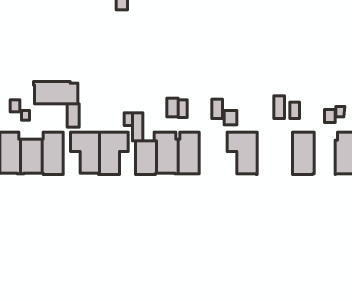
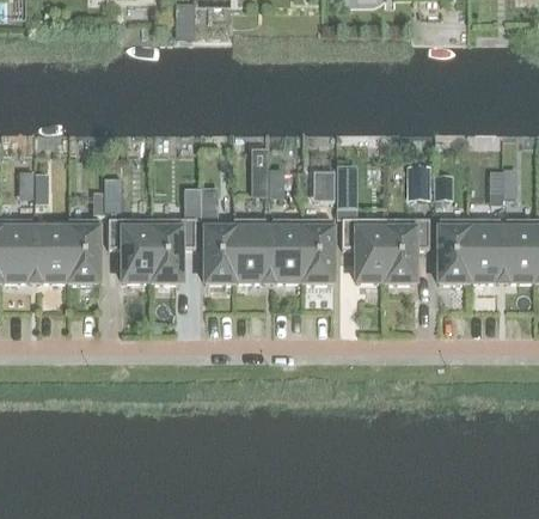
building: [34,82,78,104] -> none
building: none -> [299,219,331,282]
building: none -> [385,219,428,282]
building: none -> [470,219,501,282]

